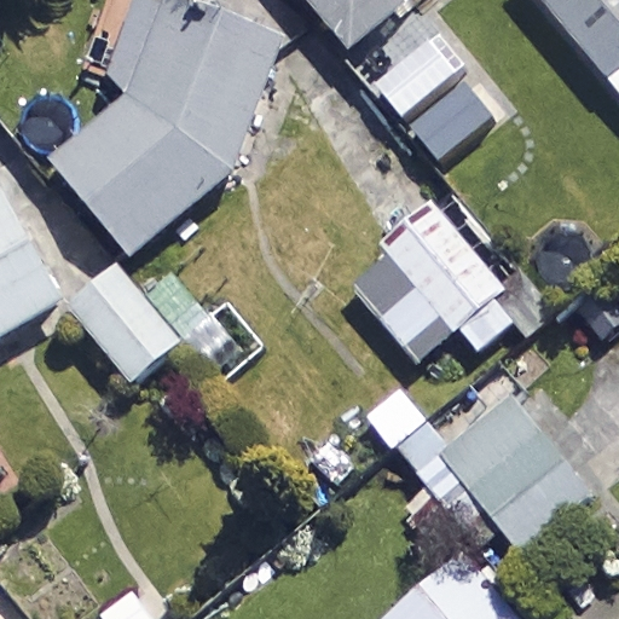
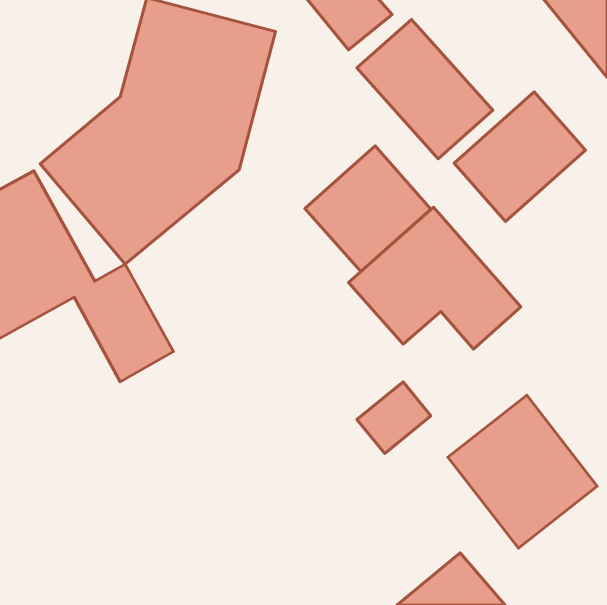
building: none -> [454,92,585,222]
building: none -> [305,146,431,272]

